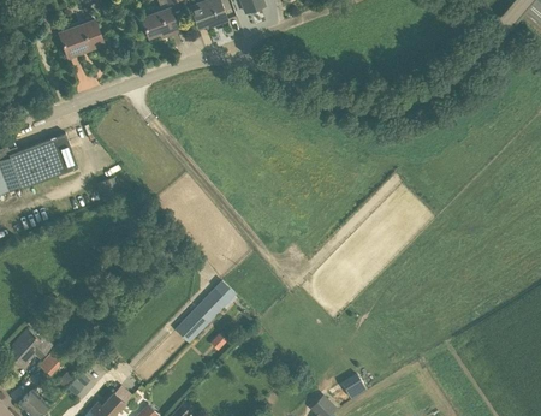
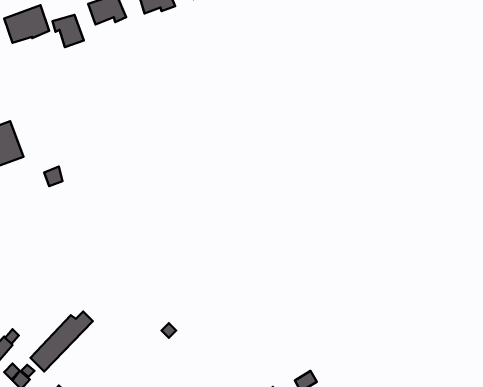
building: none -> [53,15,84,47]
building: [174,284,236,343] -> [31,311,93,371]

